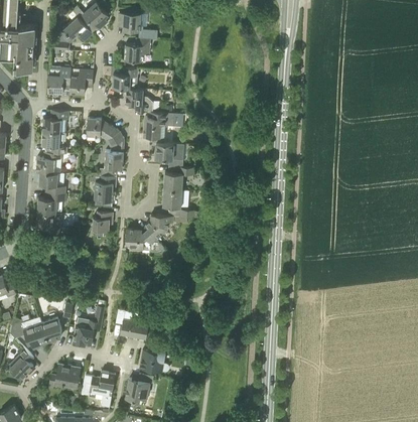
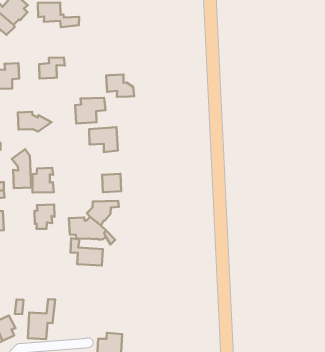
building: [124,38,150,61] -> none
building: [125,89,151,112] -> [106,75,134,97]
building: [104,132,123,170] -> [12,149,31,188]
building: [163,167,194,190] -> none
building: [115,309,147,339] -> [71,238,103,266]

